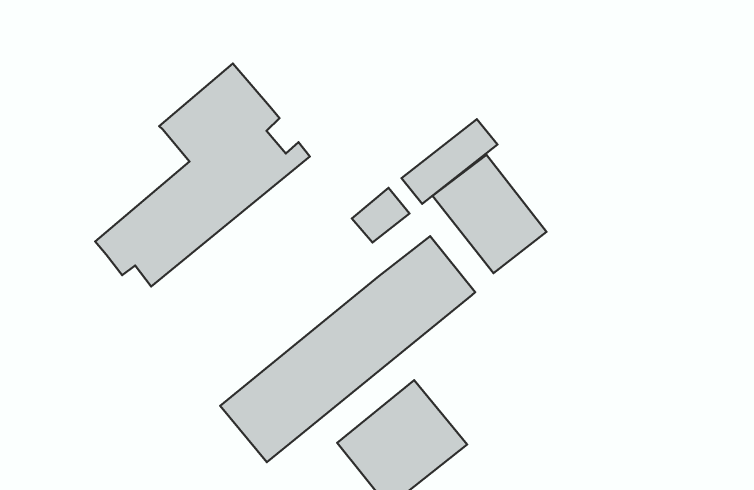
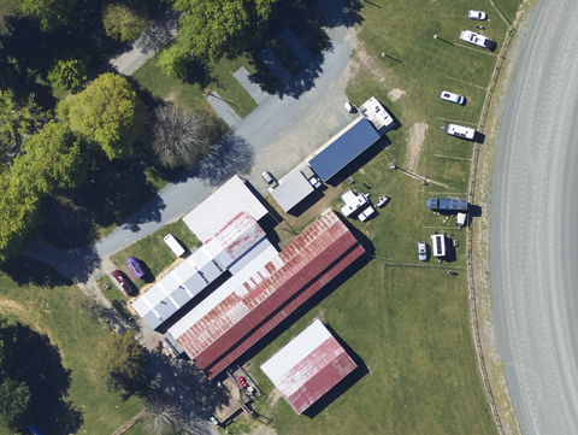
building: [95,64,310,286] -> [130,169,291,336]
building: [432,155,546,273] -> none

